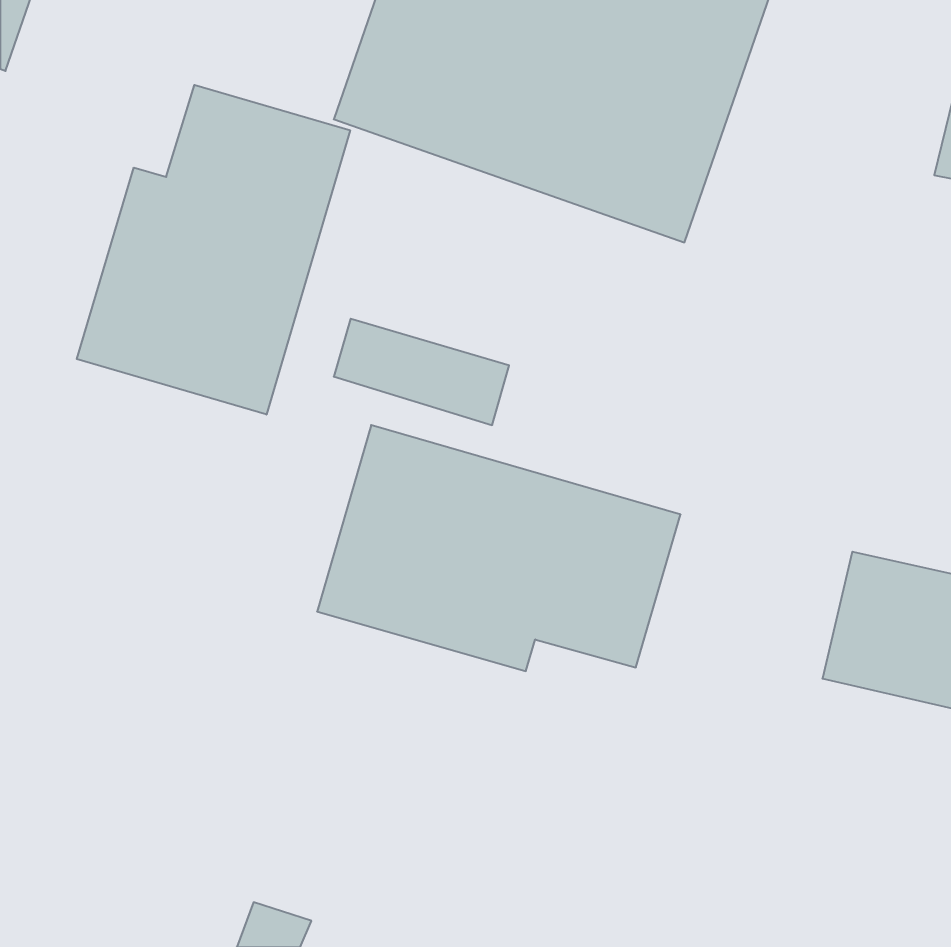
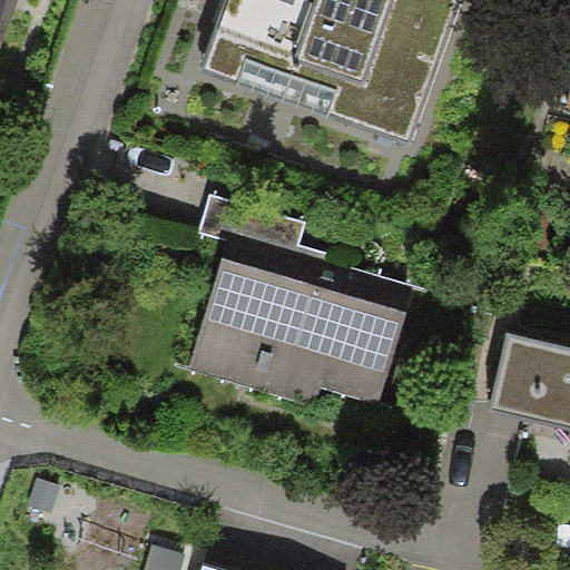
building: [77,85,350,415] -> none

